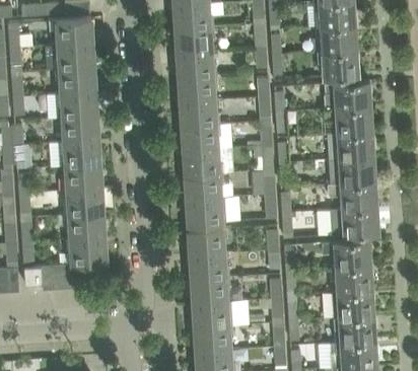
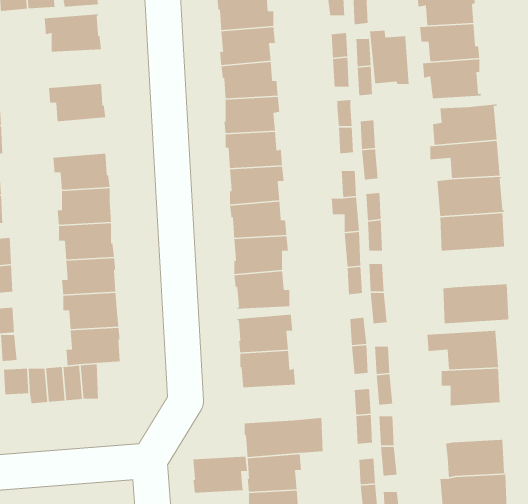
building: none -> [369,28,410,85]
building: [55,43,92,69] -> none
building: [58,90,96,118] -> none
building: [327,180,377,208] -> none
building: [191,277,229,303] -> [193,456,248,494]
building: [331,289,375,316] -> none

